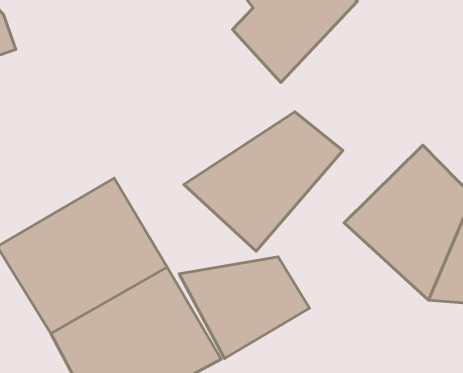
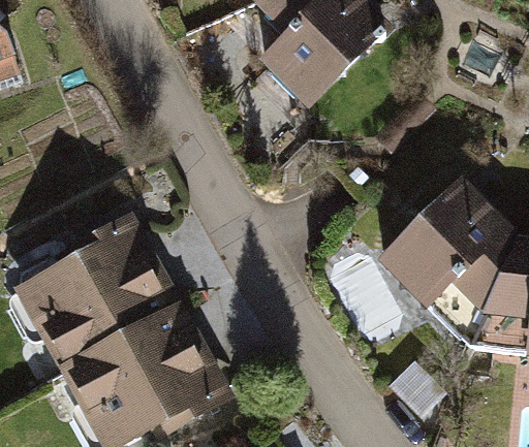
building: [184,112,343,251] -> none
building: [179,257,309,359] -> none

